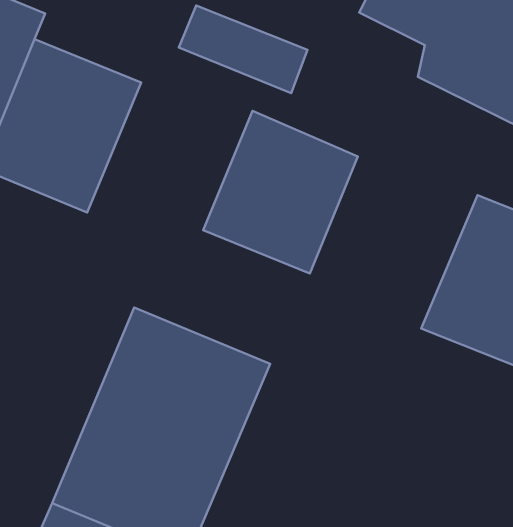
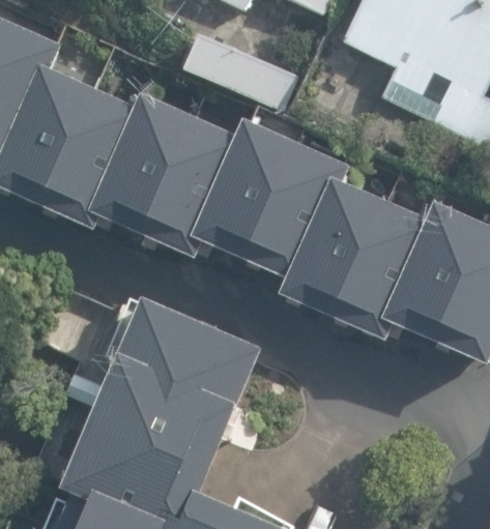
building: none -> [98,91,244,257]
building: none -> [286,170,440,337]

